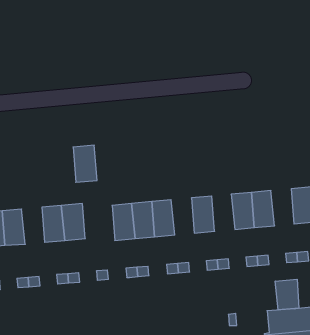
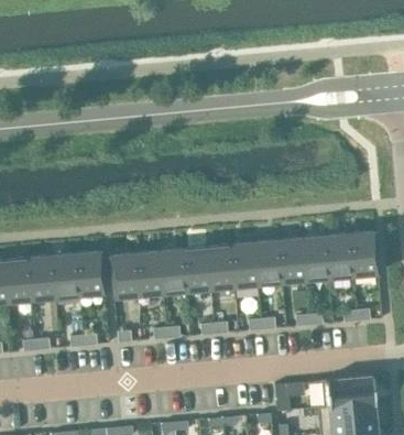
building: [73,145,97,182] -> [111,254,140,298]
building: none -> [326,235,353,279]
building: none -> [255,241,283,285]
building: none -> [207,246,234,290]
building: none -> [29,257,56,301]
building: [275,279,299,310] -> none

